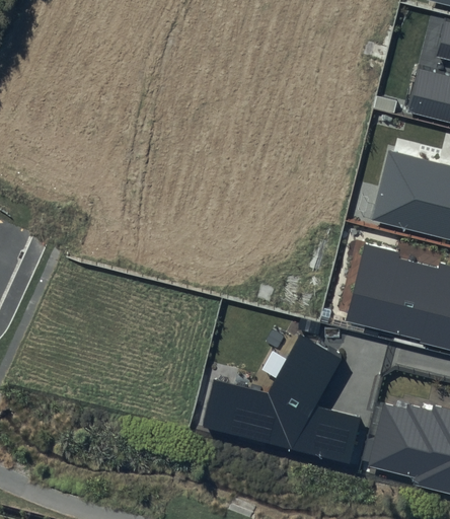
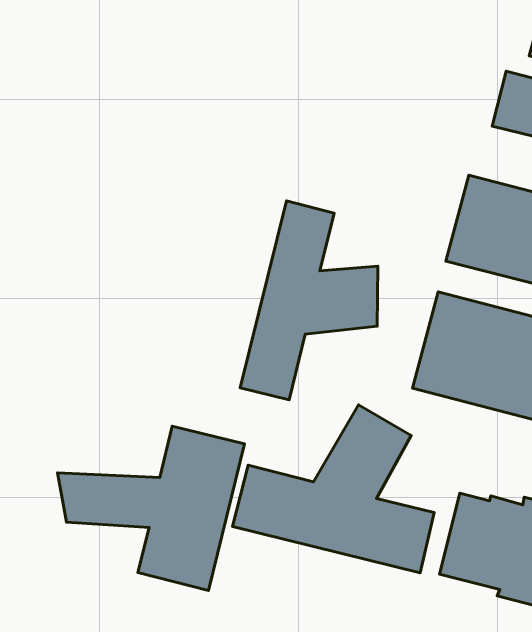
building: none -> [240,201,378,400]
building: none -> [58,426,245,591]

